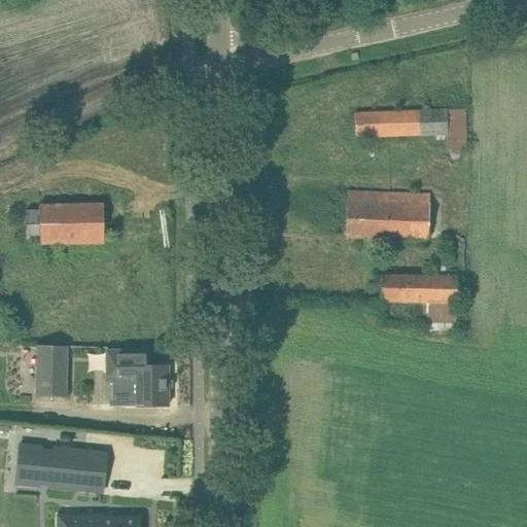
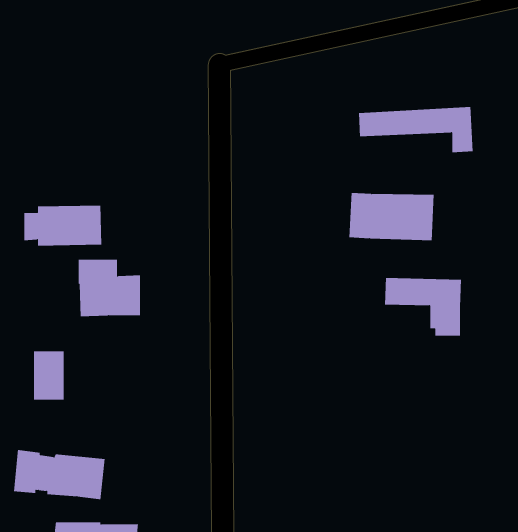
building: [107,349,169,406] -> [78,259,141,317]

